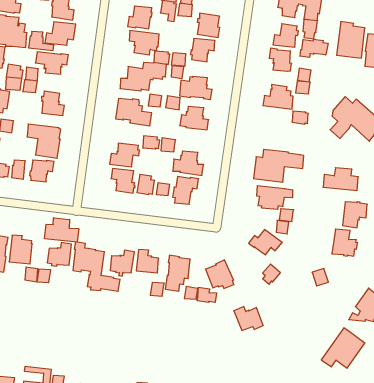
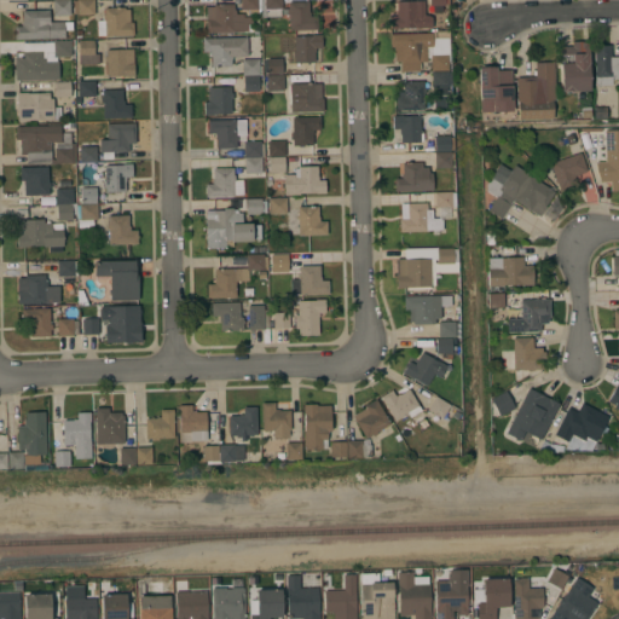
building: [300,39,328,57] -> none
building: none -> [400,203,444,232]
building: [45,218,79,242] -> none
building: [234,307,263,331] -> [381,389,422,422]
building: [321,328,365,368] -> [507,388,560,441]

